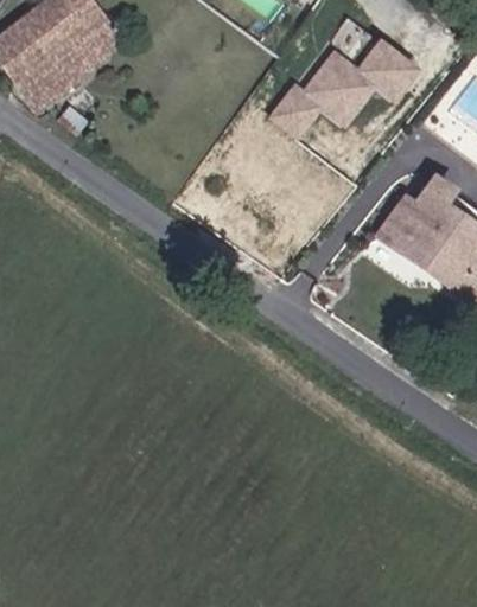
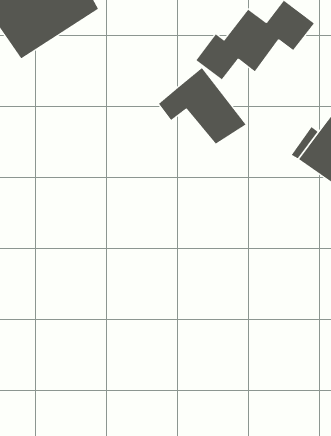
building: none -> [158,67,247,145]

